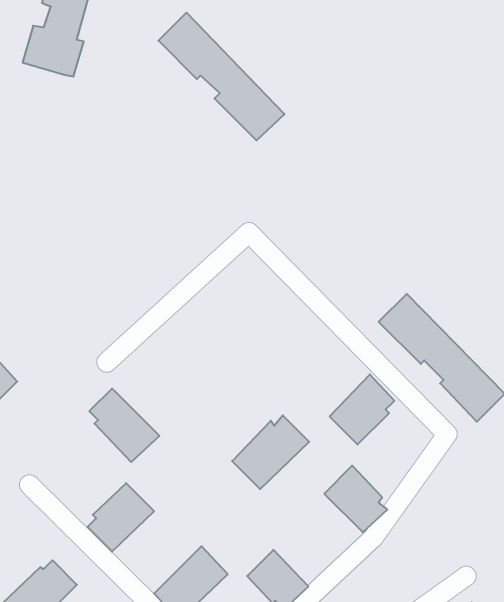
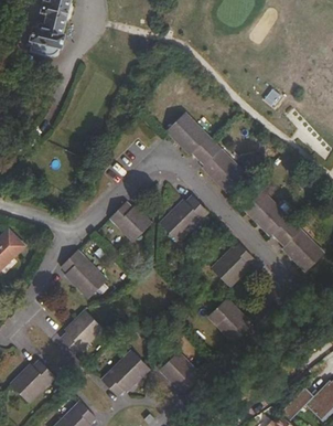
building: [158,13,285,140] -> [168,114,247,194]
building: none -> [111,203,151,242]
building: [232,415,309,489] -> [161,195,210,242]

